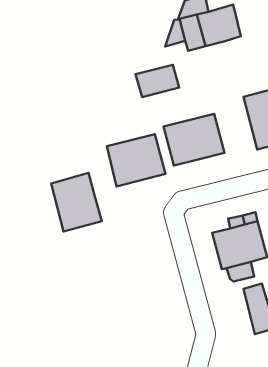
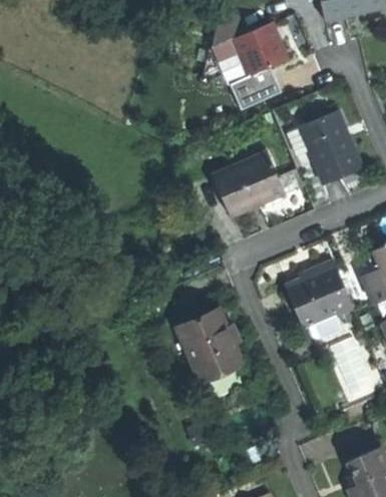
building: [136,65,179,97] -> [228,66,280,108]
building: [107,134,165,187] -> none
building: [51,173,102,231] -> [176,311,241,382]

